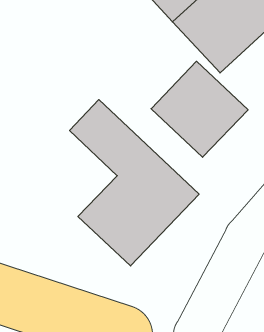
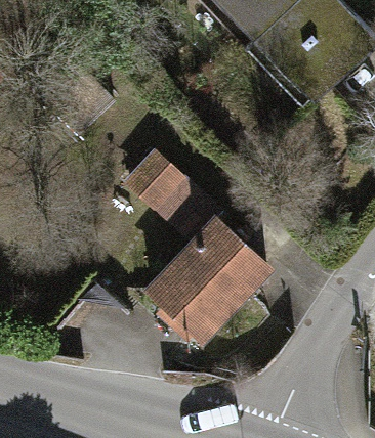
building: [151,61,248,157] -> none

